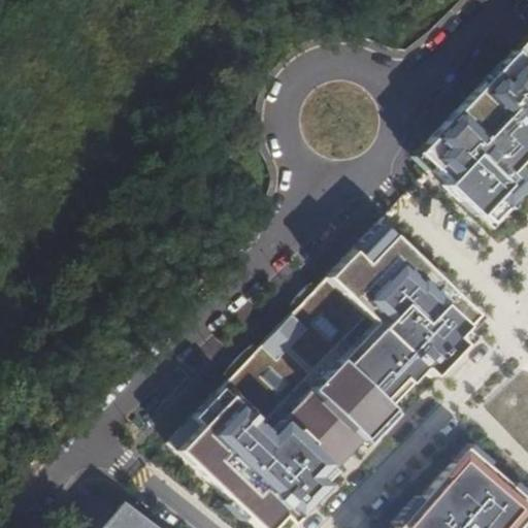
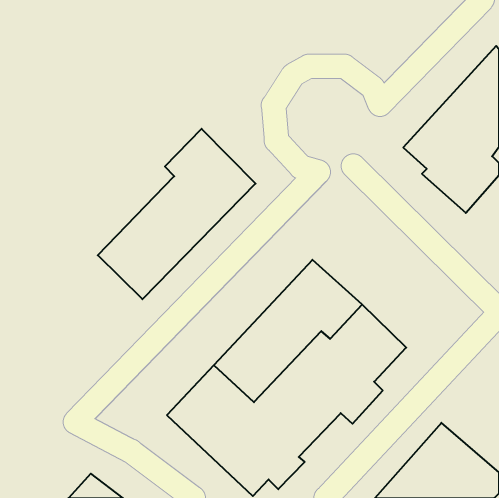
building: none -> [98,129,256,299]
building: [330,226,477,378] -> none

